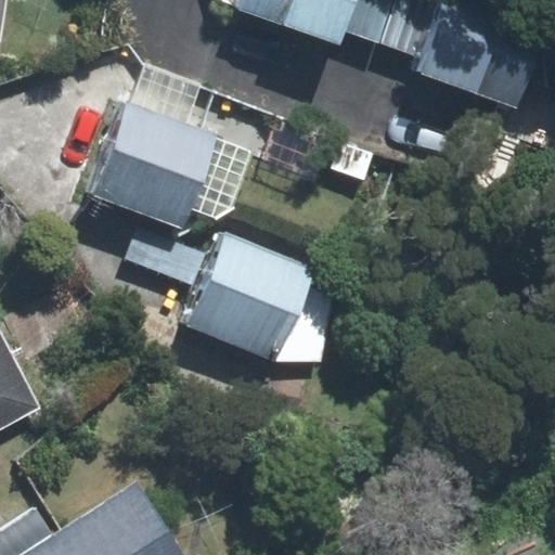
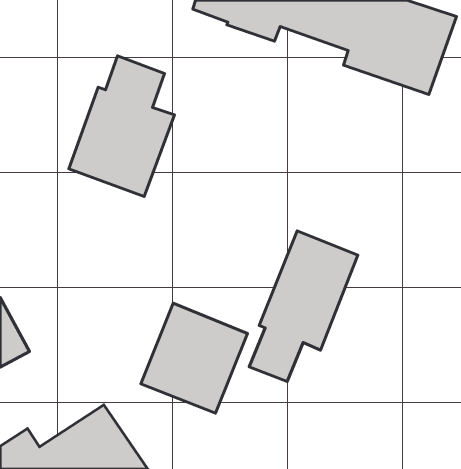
building: [186,234,312,364] -> [141,303,248,413]
building: none -> [249,231,358,382]

